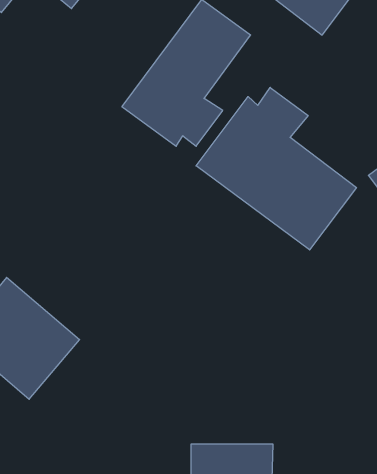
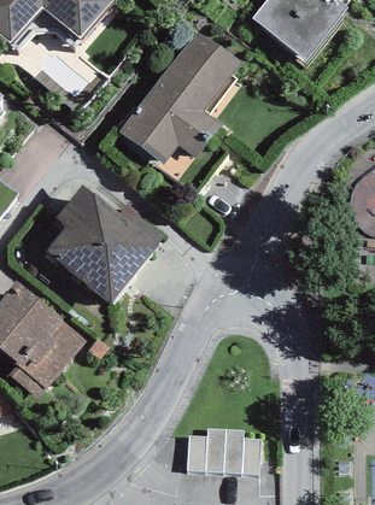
building: [196,87,356,250] -> none
building: none -> [43,195,165,321]

